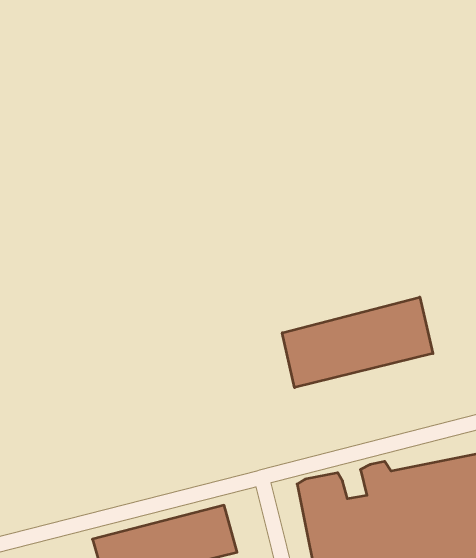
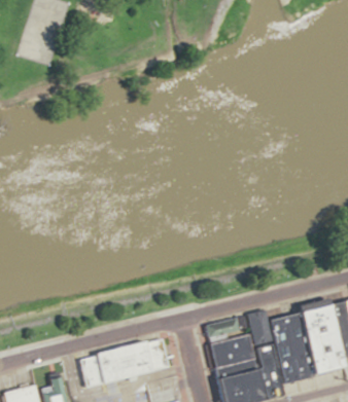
building: [282,297,433,388] -> none

